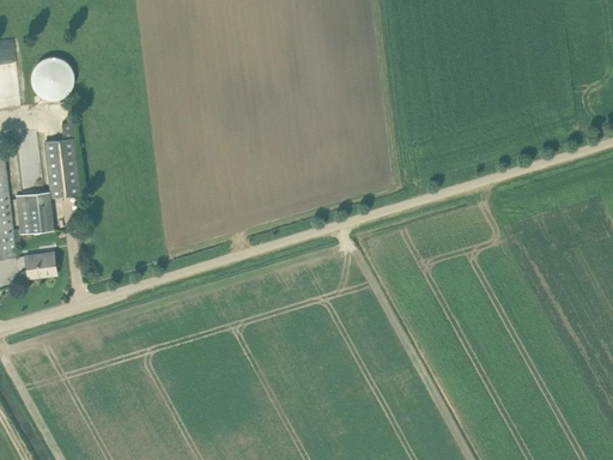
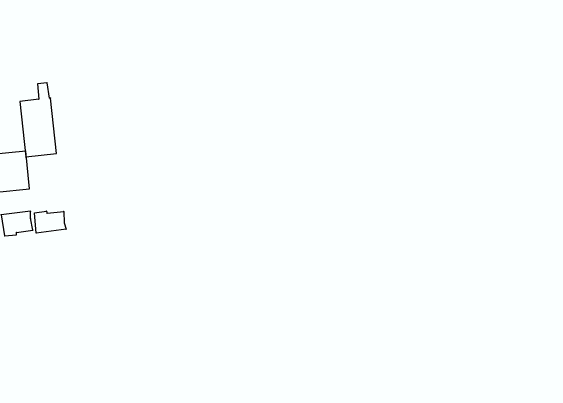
building: [30,56,74,101] -> none
building: none -> [35,211,66,233]

